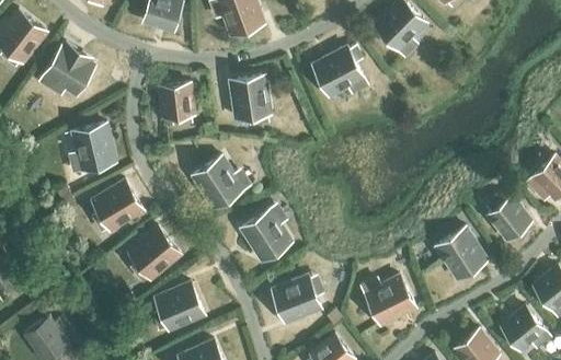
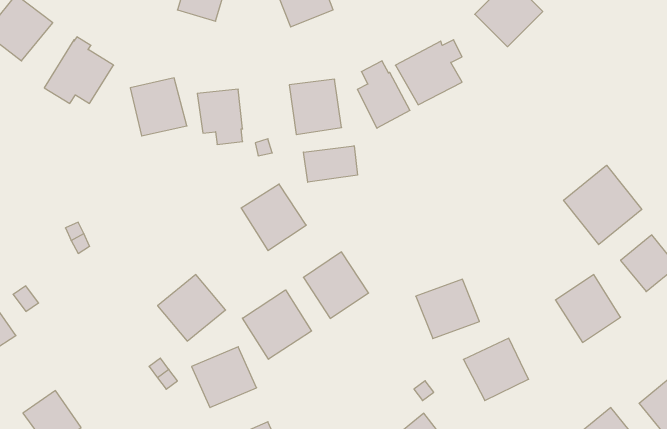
building: none -> [358,61,410,128]
building: [72,125,116,170] -> [130,78,187,136]
building: none -> [303,146,357,182]
building: none -> [564,165,642,245]
building: [92,181,144,231] -> none
building: none -> [242,290,312,359]
building: [272,277,321,323] -> [416,279,479,339]

